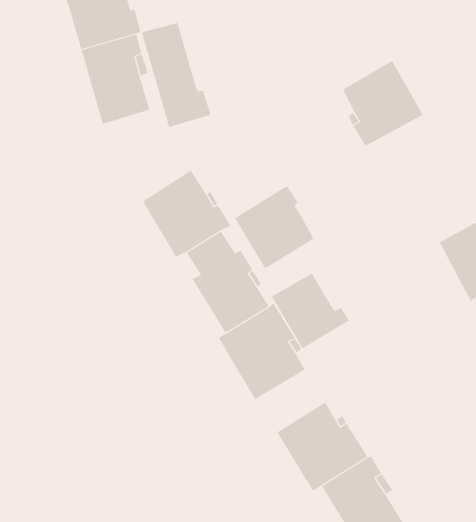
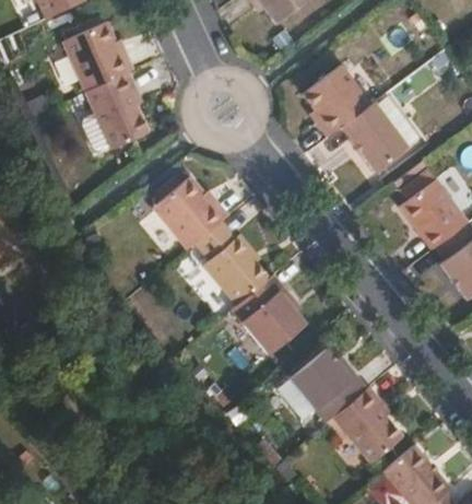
building: [141,22,211,128] -> none
building: none -> [341,103,408,173]
building: [234,186,314,269] -> none
building: [271,273,350,349] -> none

